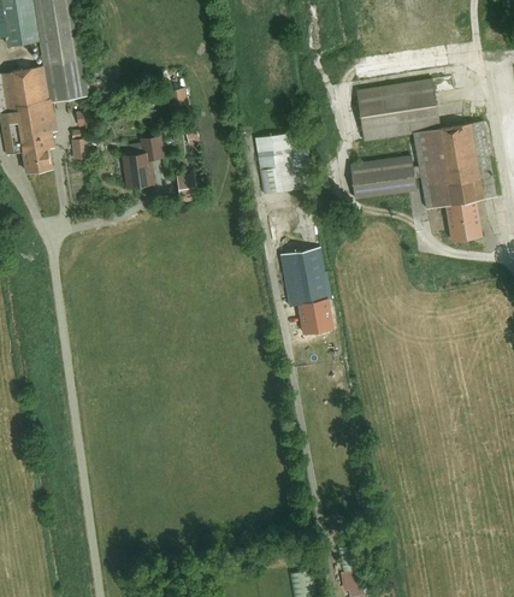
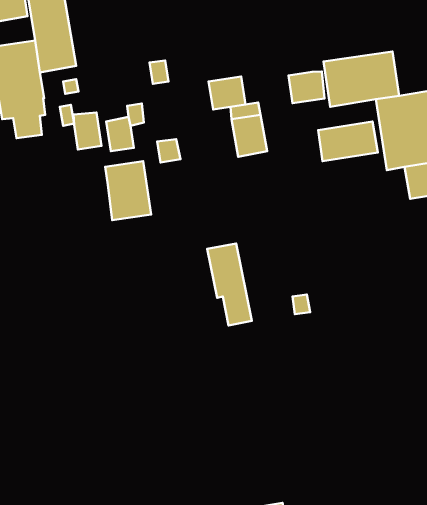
building: none -> [288,72,325,103]
building: none -> [209,77,246,110]
building: none -> [74,112,101,150]
building: none -> [105,161,151,220]
building: [280,248,329,337] -> [207,243,252,325]

